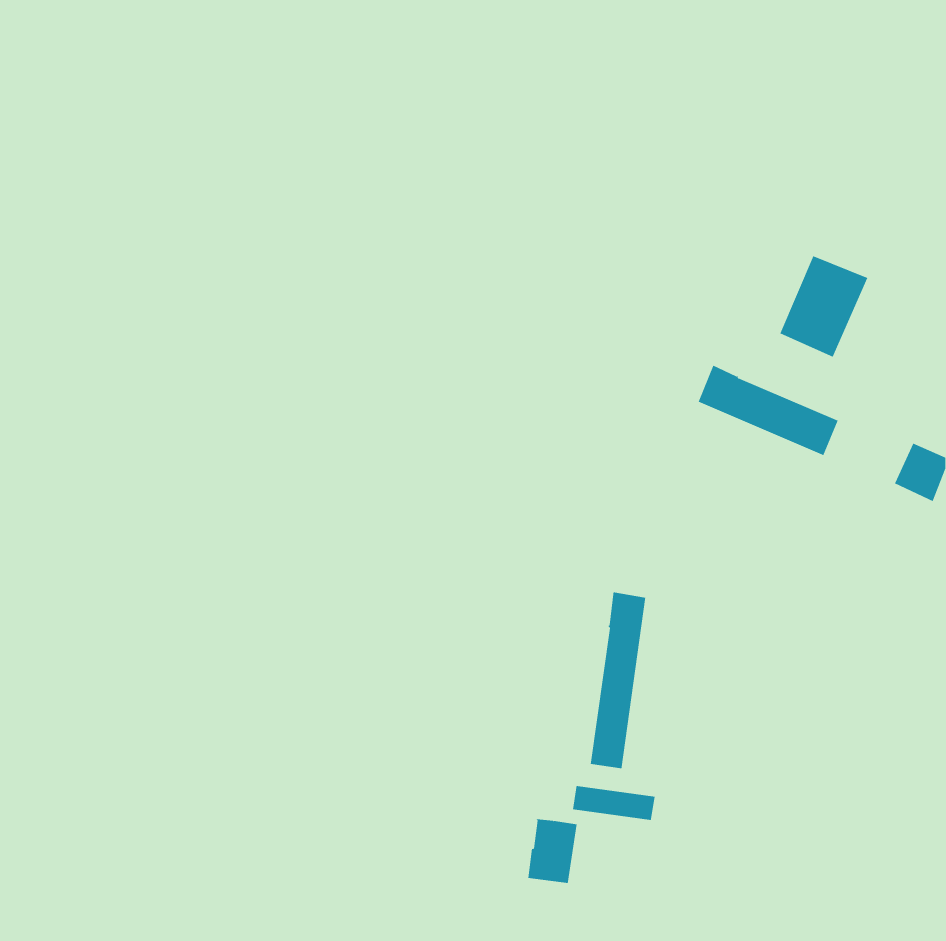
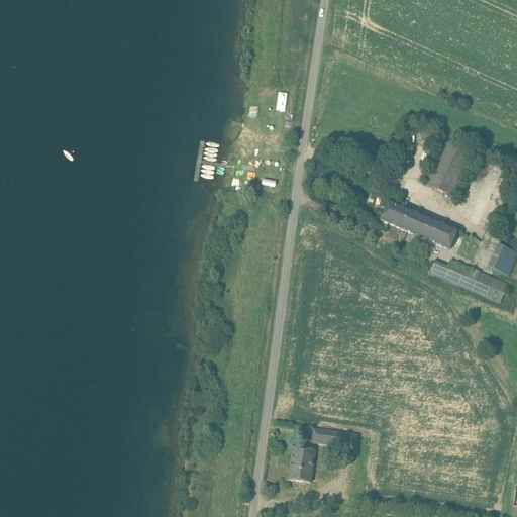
building: none -> [429,258,507,302]
building: [590,591,646,769] -> none

